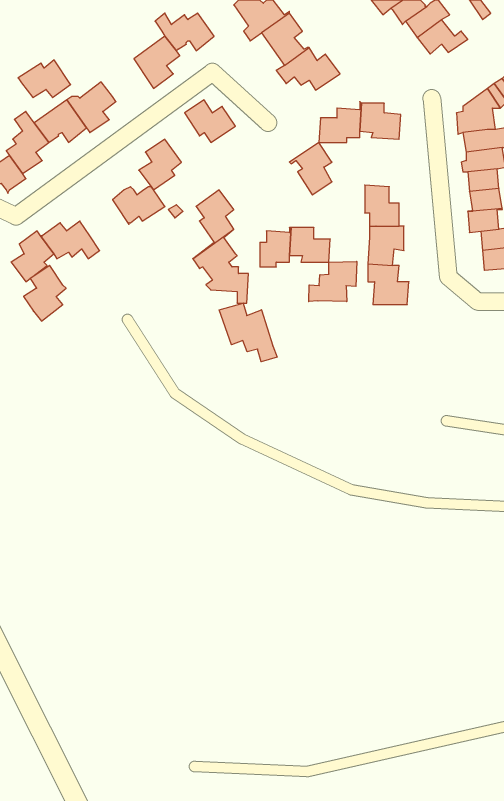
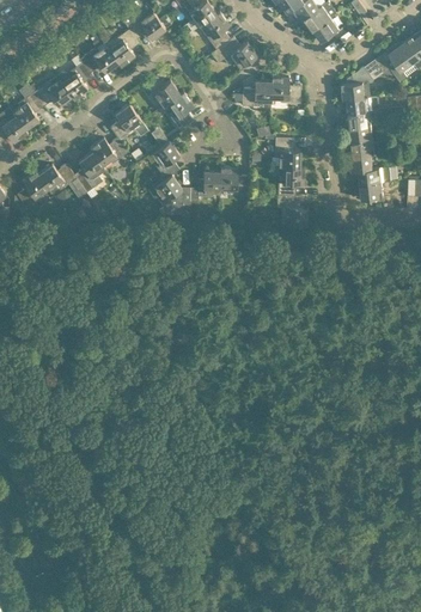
building: [18,60,71,98] -> [80,44,118,72]
building: [289,142,332,195] -> [163,91,194,129]
building: [309,261,357,302] -> none
building: [24,265,66,321] -> [74,151,105,191]
building: [219,303,277,362] -> none

